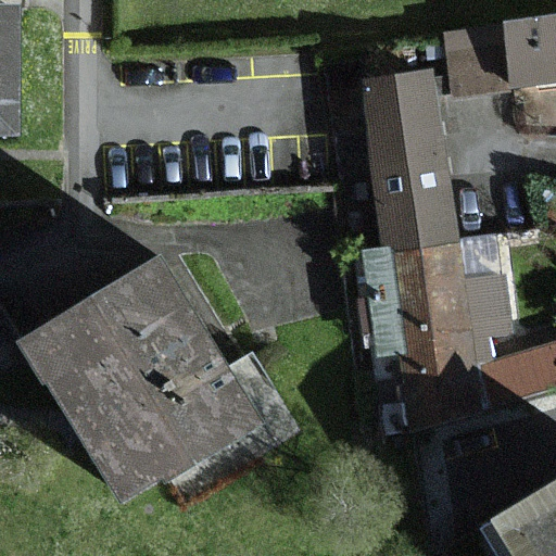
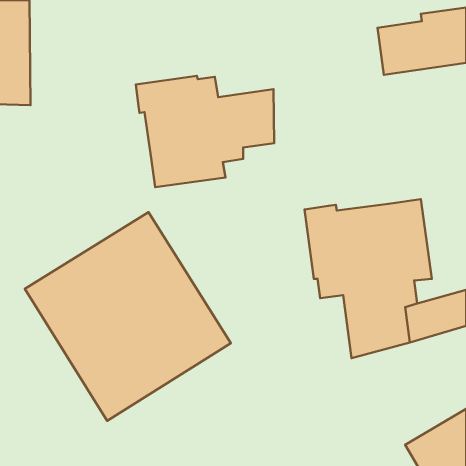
building: [364,72,457,254] -> none
building: none -> [136,76,274,187]

